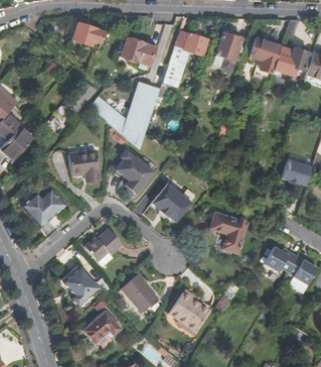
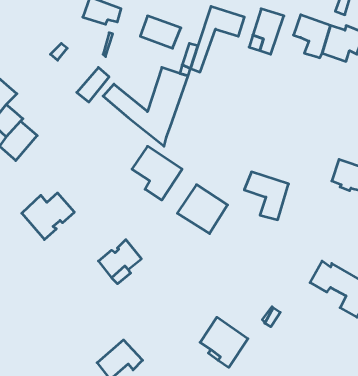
building: [67,150,100,181] -> none
building: [208,213,246,253] -> [244,172,289,220]
building: [61,265,98,305] -> none
building: [121,274,157,312] -> none

